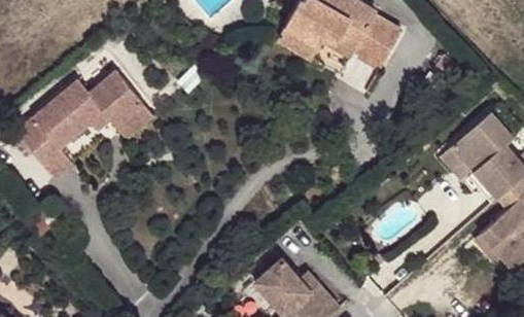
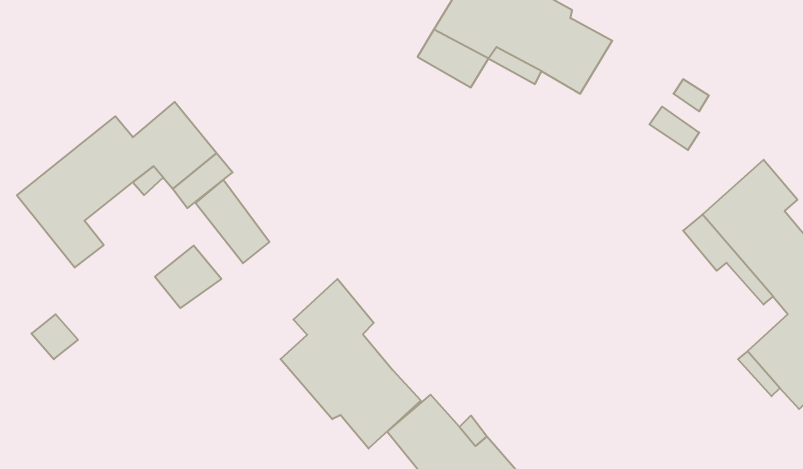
building: none -> [195,180,269,263]
building: none -> [155,246,221,308]
building: none -> [280,279,421,449]

